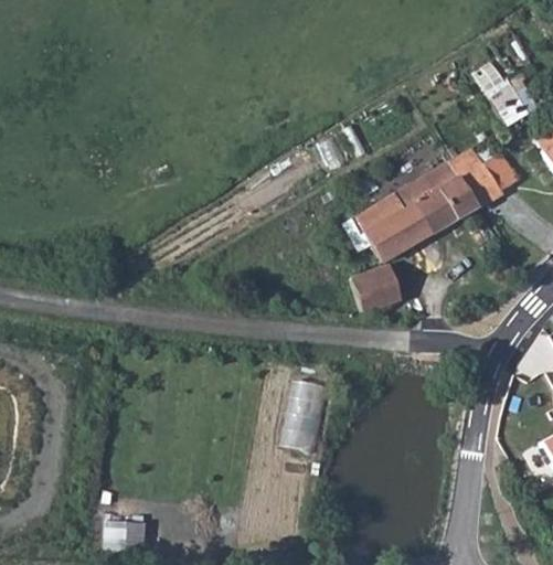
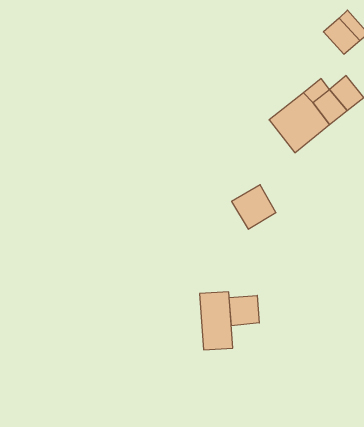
building: [354,189,433,262] -> none
building: none -> [229,295,259,326]

